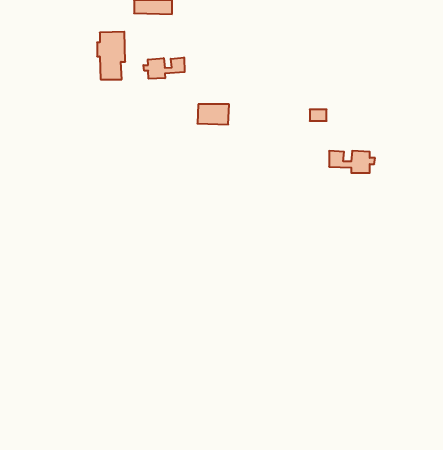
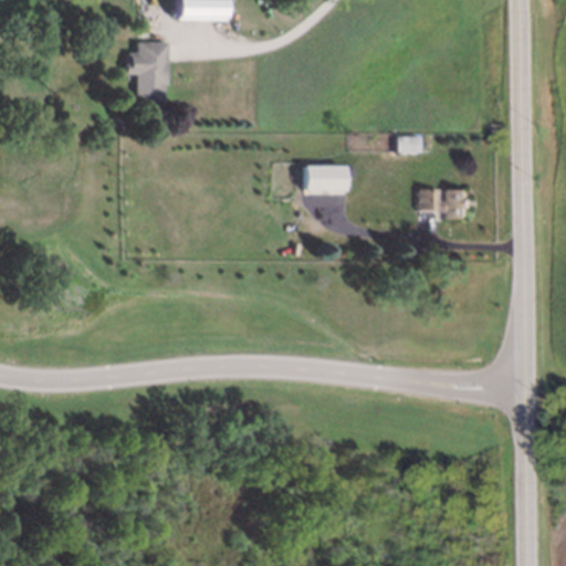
building: [143,57,185,79] -> none
building: [197,104,229,124] -> [310,161,349,187]

